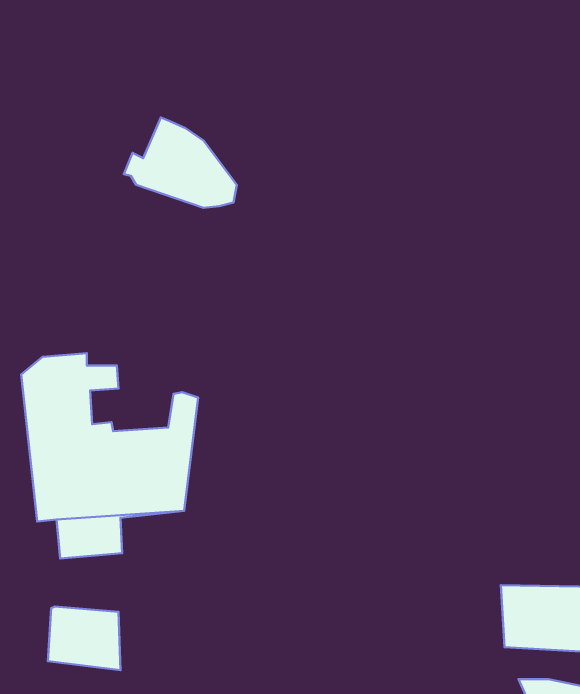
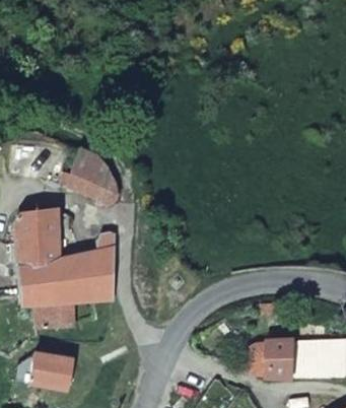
building: [124,118,237,208] -> [59,150,124,202]
building: none -> [246,340,293,377]

